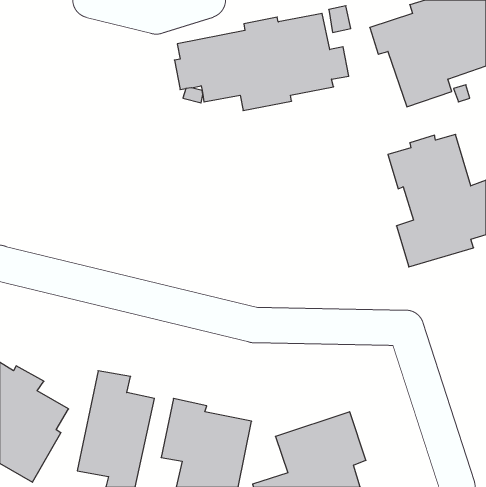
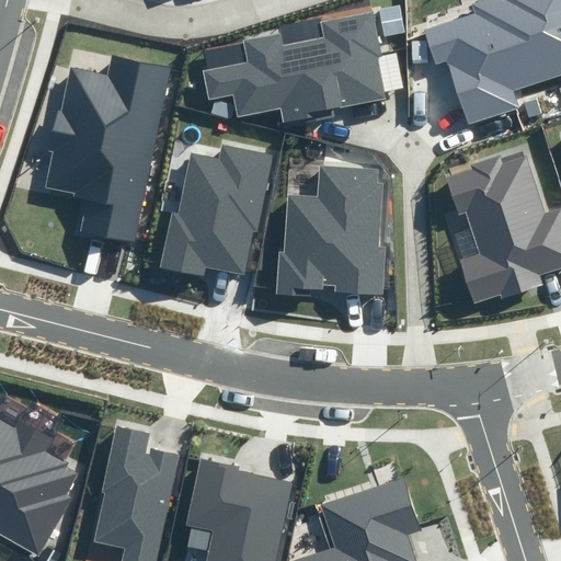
building: none -> [44,59,171,244]
building: none -> [160,138,275,276]
building: none -> [275,170,387,298]

